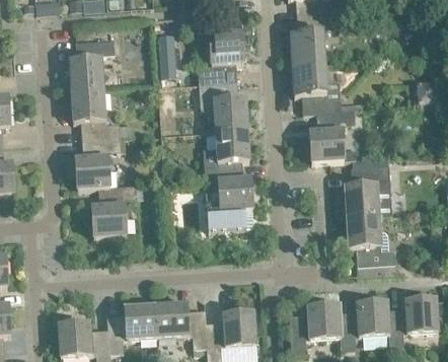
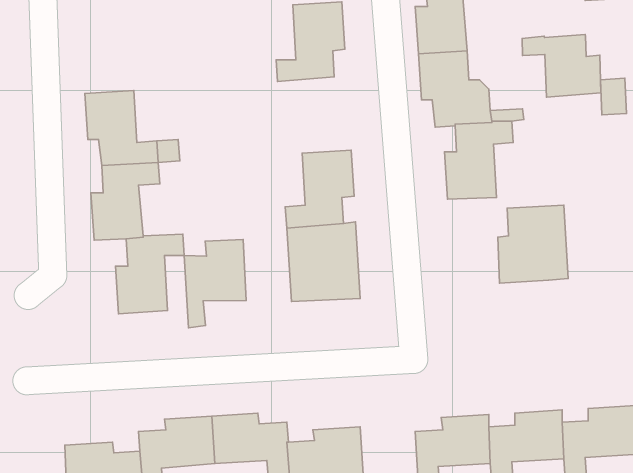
building: [156,33,174,71] -> none
building: [69,40,115,91] -> none
building: none -> [522,35,601,97]
building: [199,80,247,131] -> none
building: none -> [184,240,246,328]
building: [346,215,394,266] -> none

